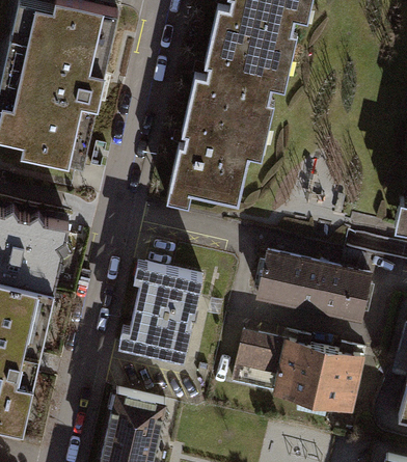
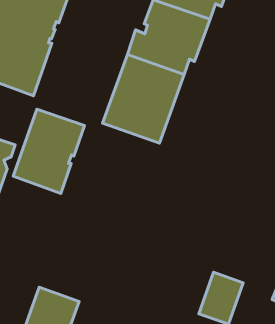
building: [260,252,373,320] -> none
building: [128,265,205,360] -> [13,109,85,193]
building: [229,331,321,400] -> none

